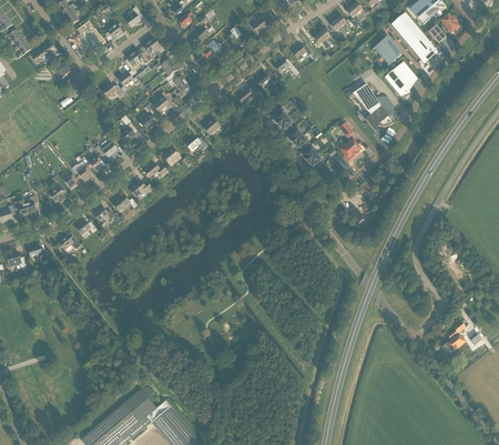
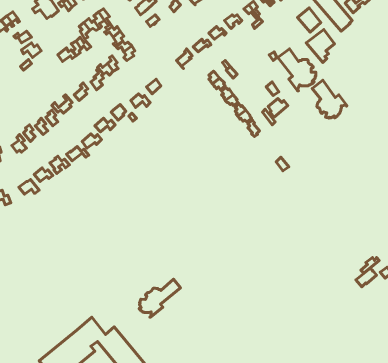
building: none -> [312,80,347,118]
building: none -> [139,279,181,317]

